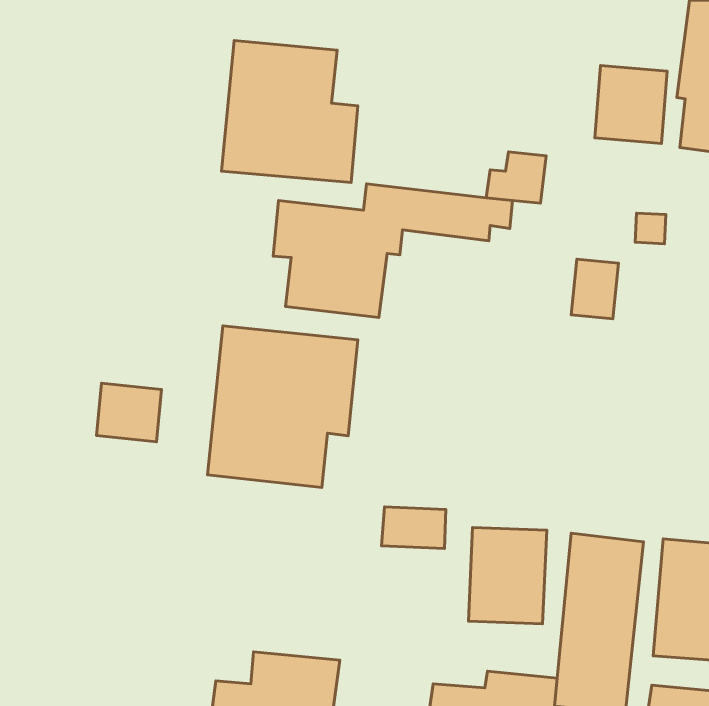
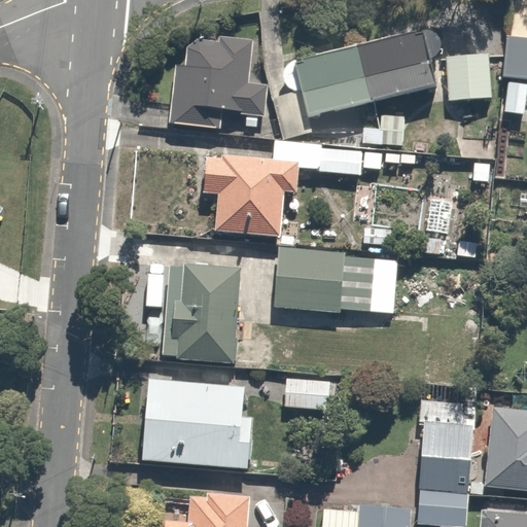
building: none -> [275,28,430,138]
building: none -> [275,248,417,319]
building: [96,383,162,442] -> none
building: none -> [143,380,253,468]
building: [468,527,547,624] -> none

